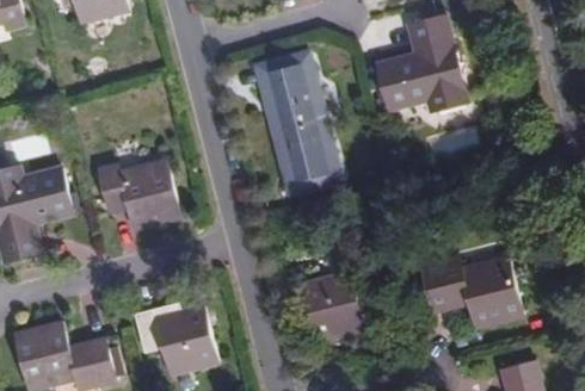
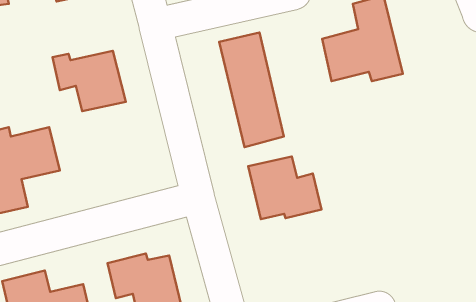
building: [99,160,181,228] -> [52,51,126,111]
building: [420,256,521,327] -> none
building: [300,272,382,342] -> [248,156,321,219]

